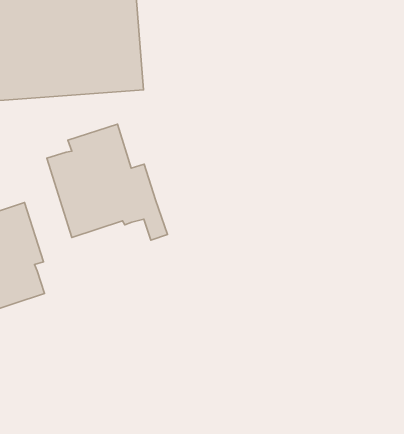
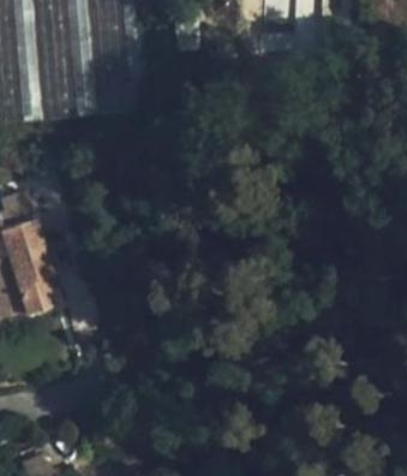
building: [47,124,168,240] -> none

